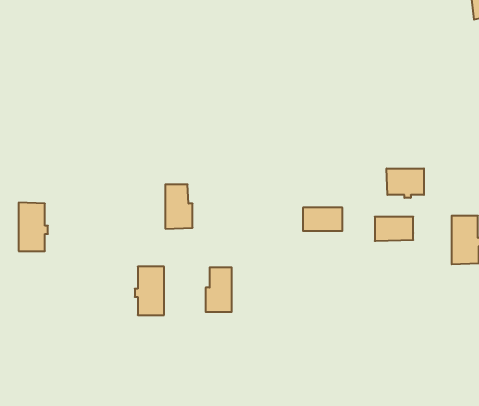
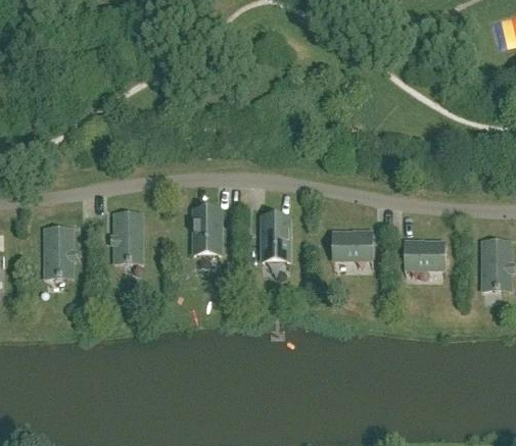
building: [387,168,424,198] -> none
building: [135,267,164,315] -> [111,213,141,262]
building: [206,267,232,312] -> [262,215,288,260]

